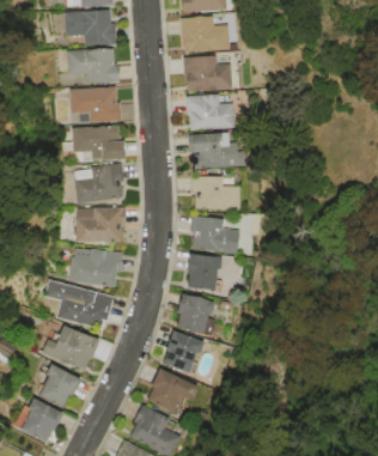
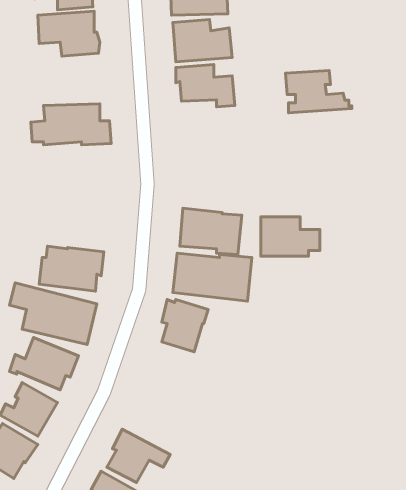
building: [50,87,120,124] -> none
building: [185,133,242,169] -> [286,71,352,113]
building: [71,164,122,203] -> none
building: [187,176,237,209] -> [261,217,320,256]
building: [73,208,121,243] -> none
building: [157,330,199,373] -> none
building: [142,367,193,415] -> none

